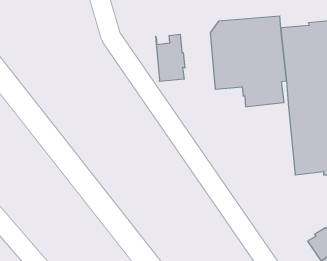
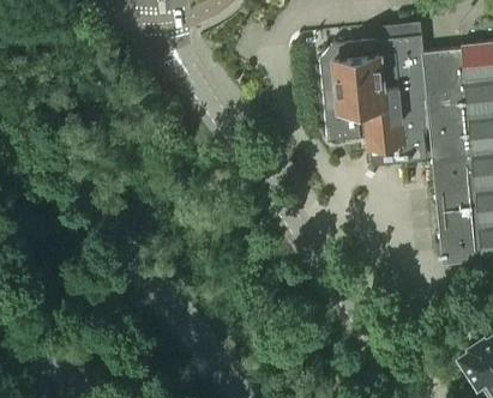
building: [156,34,185,81] -> none

